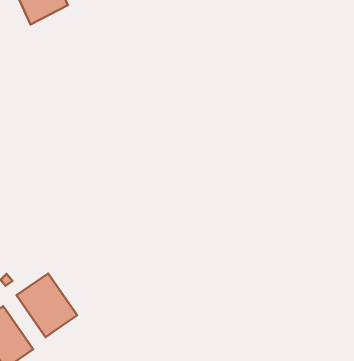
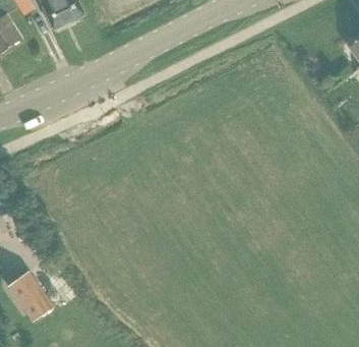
building: [16,273,77,337] -> none

